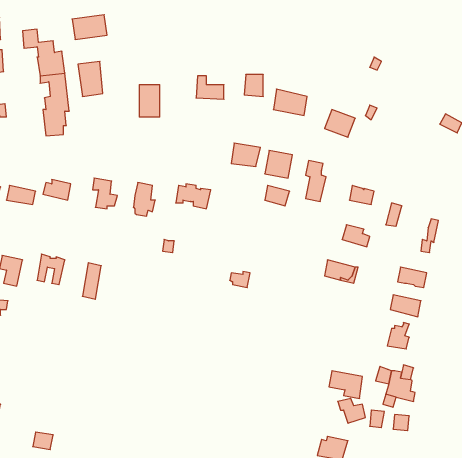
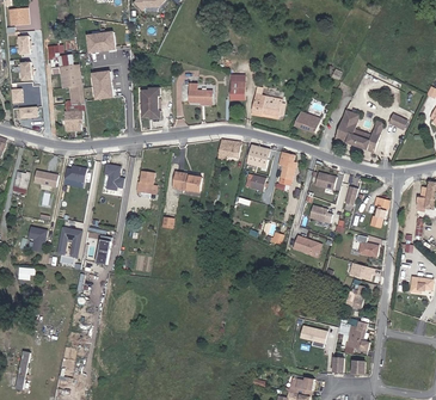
building: none -> [334,111,380,152]

